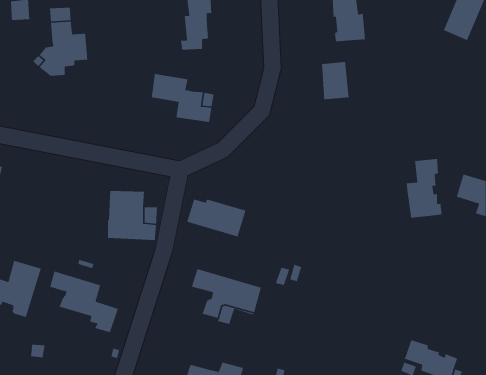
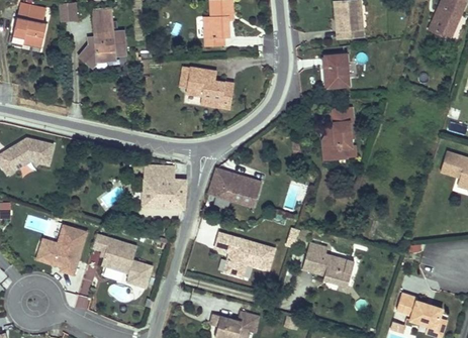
building: [406,158,442,218] -> [323,106,355,157]
building: none -> [301,242,354,285]

